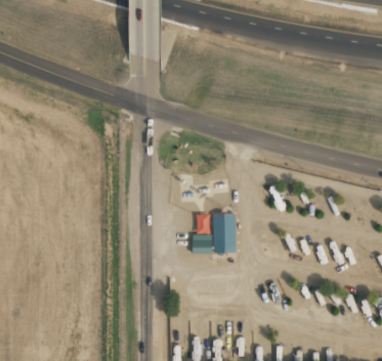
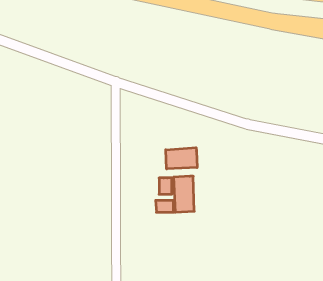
building: none -> [166,148,197,169]

